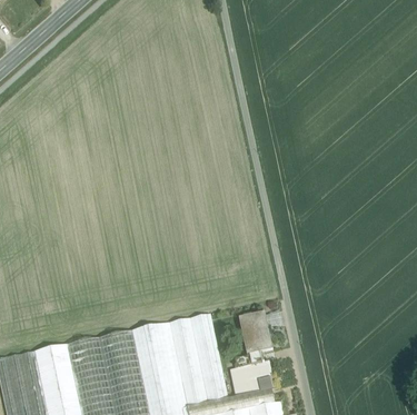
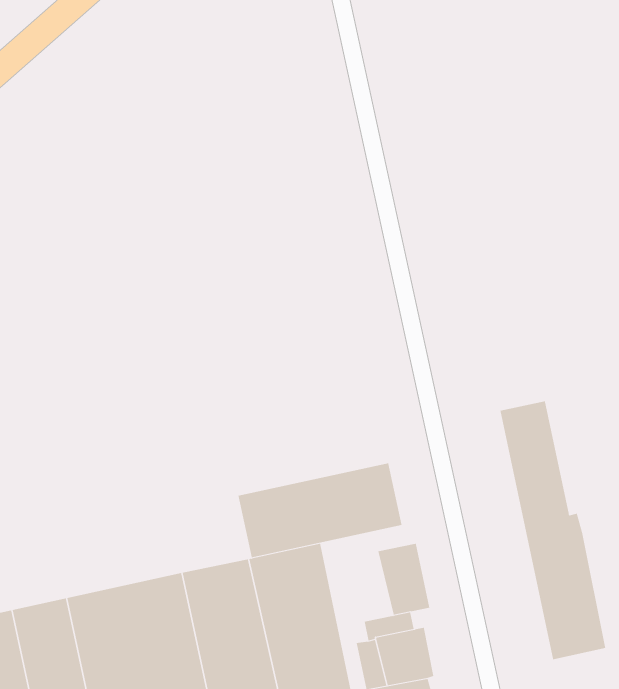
building: none -> [500,400,606,660]
building: none -> [238,463,402,558]

